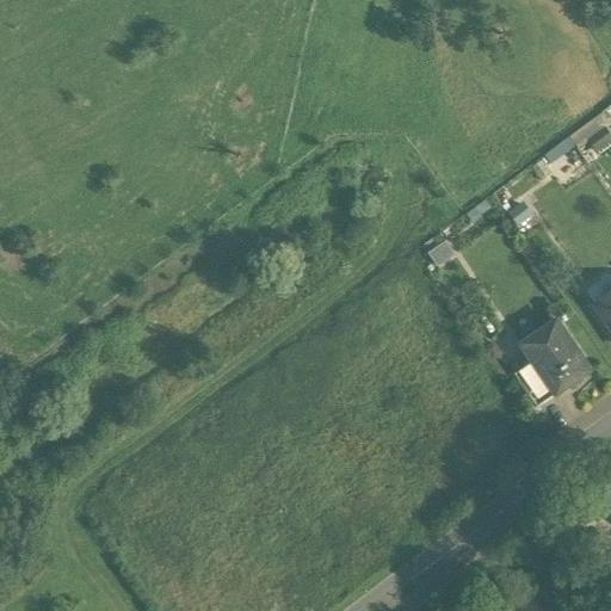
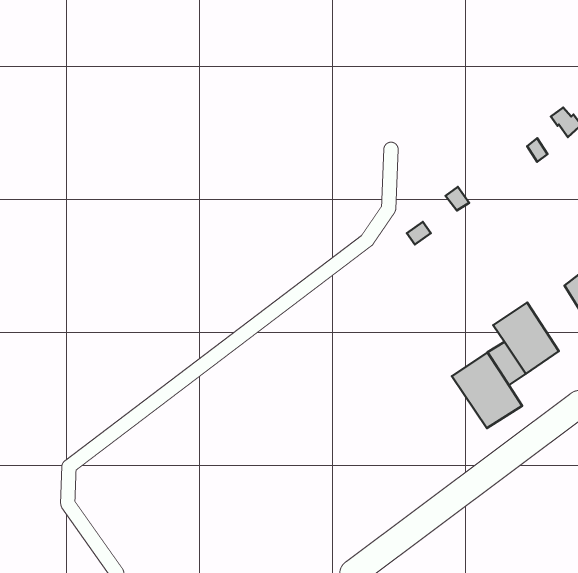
building: none -> [452,353,522,428]

